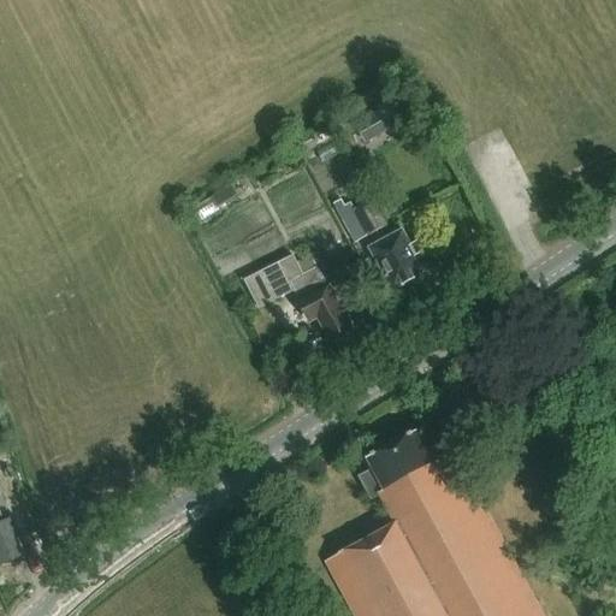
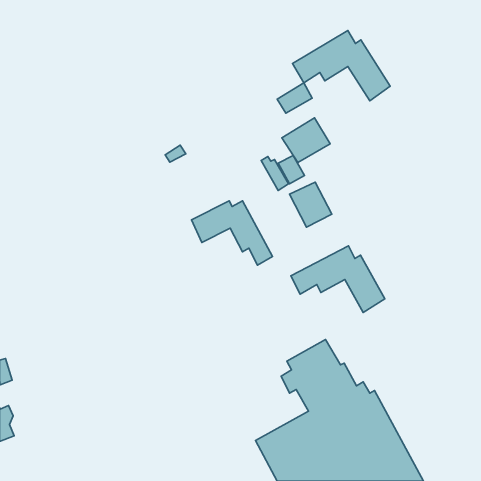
building: none -> [292,30,390,101]
building: none -> [282,118,330,163]
building: none -> [291,246,385,312]

